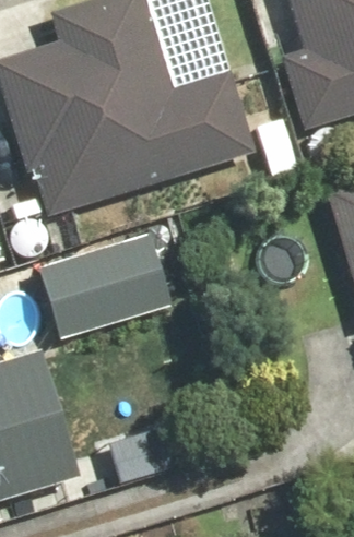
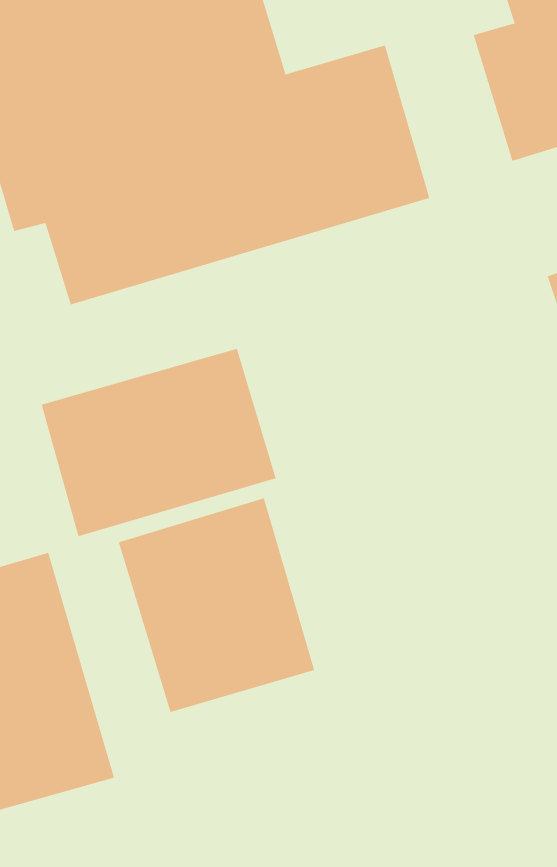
building: none -> [118,497,315,713]

